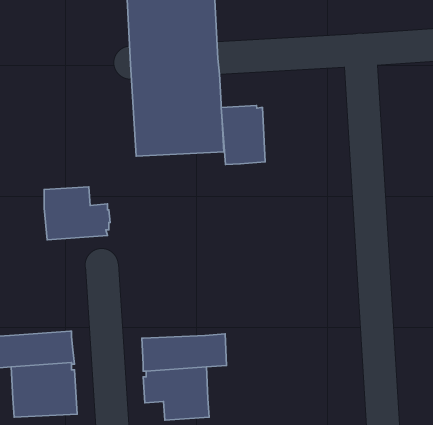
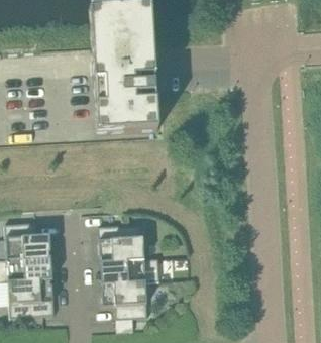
building: [221,106,265,165] -> none
building: [44,187,110,240] -> [6,221,52,258]
building: none -> [99,223,145,260]

